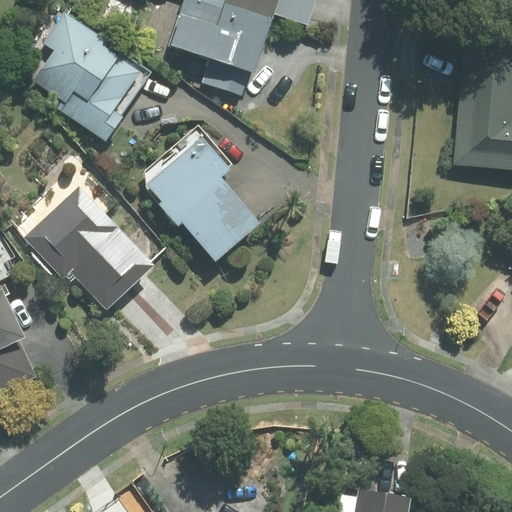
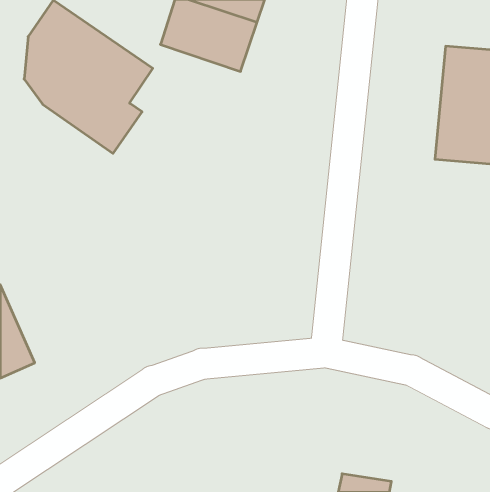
building: [145,126,256,263] -> none
building: [23,185,153,311] -> none

